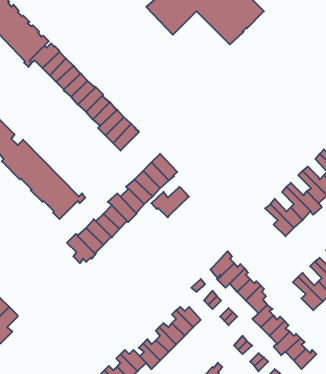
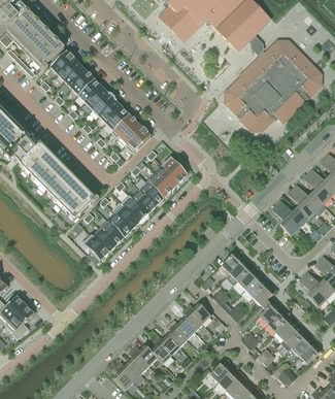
building: none -> [224,36,322,131]
building: [151,187,189,217] -> none

